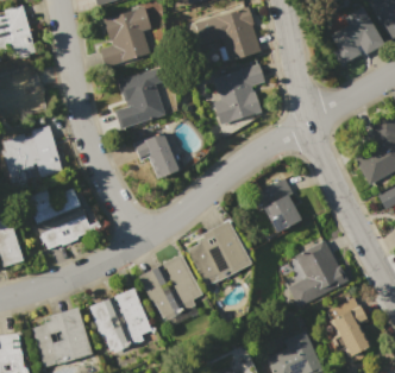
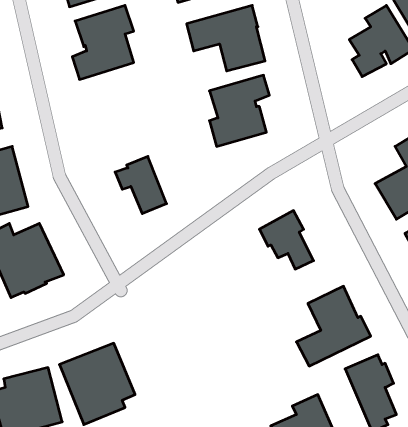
building: [115,68,165,128] -> none
building: [187,220,251,286] -> none
building: [138,253,203,321] -> none

